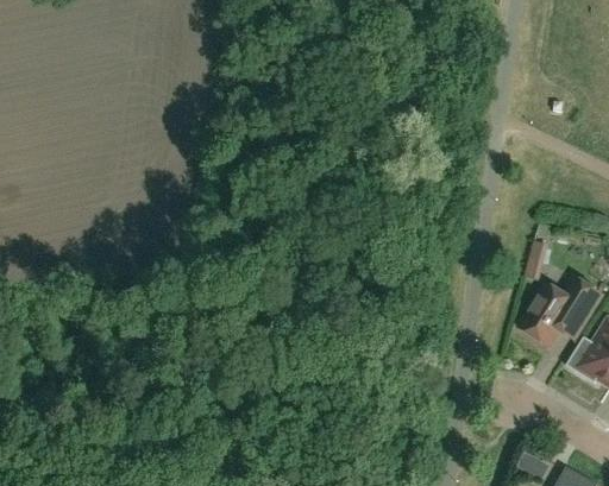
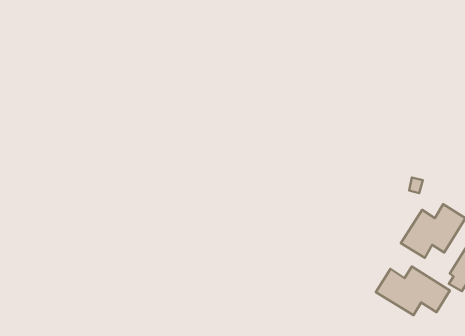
building: none -> [376,267,450,315]

